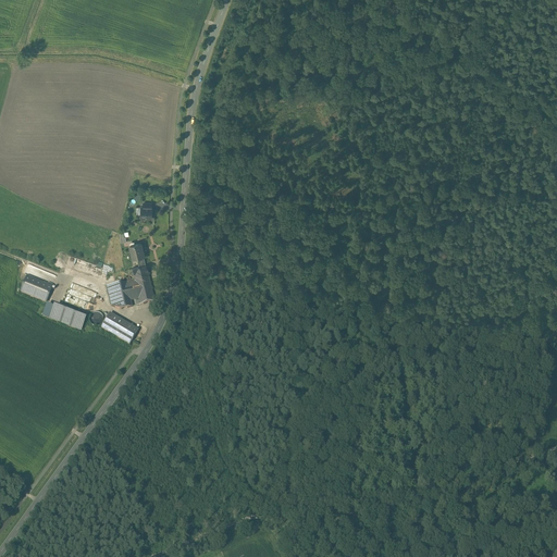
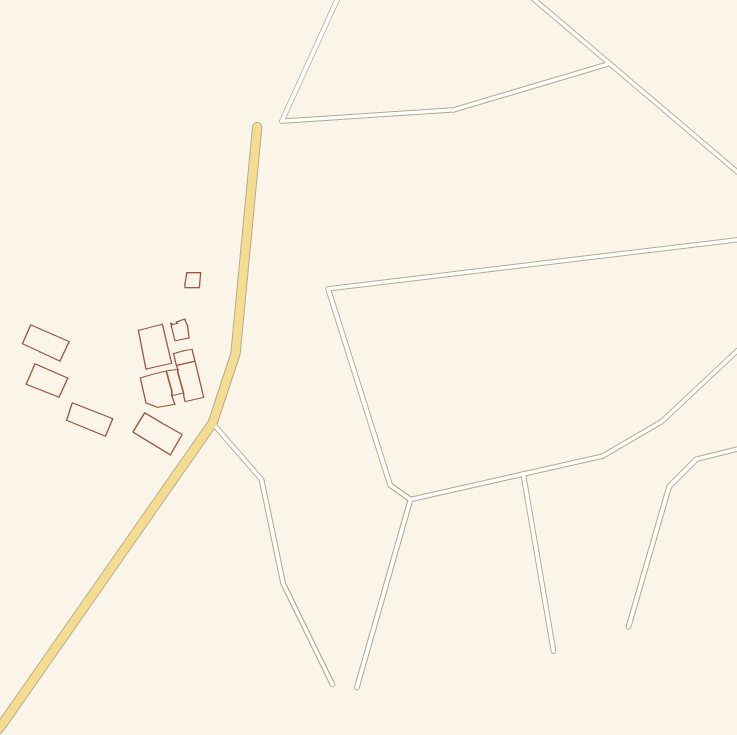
building: none -> [139,324,171,369]
building: none -> [23,325,69,361]

